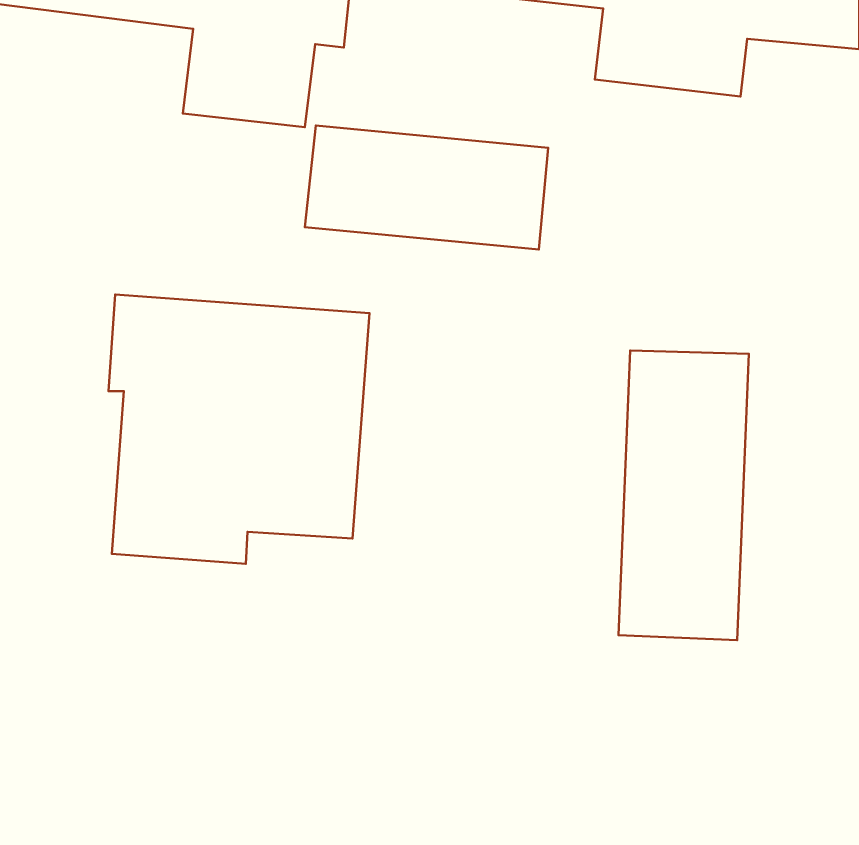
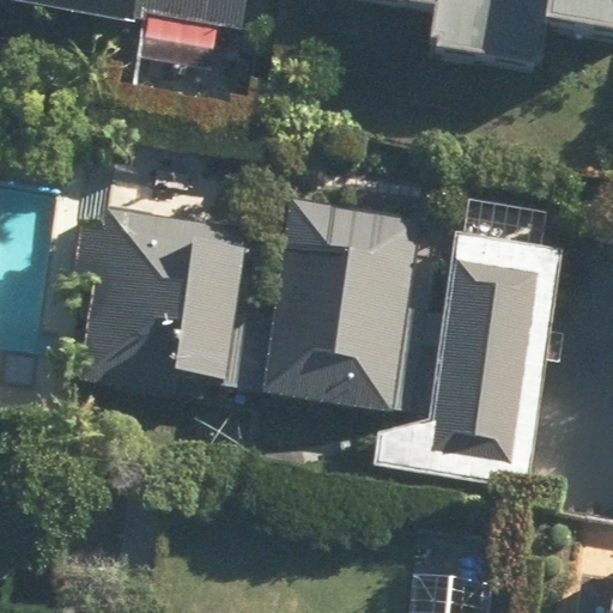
building: [305,126,548,250] -> none
building: none -> [269,192,426,399]

